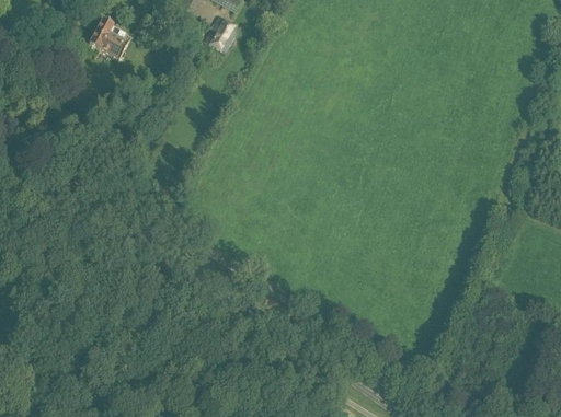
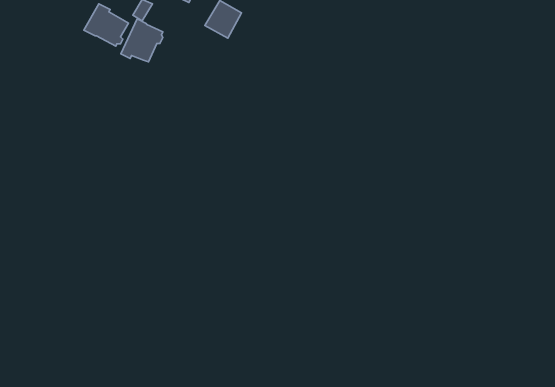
building: none -> [121,19,163,62]

